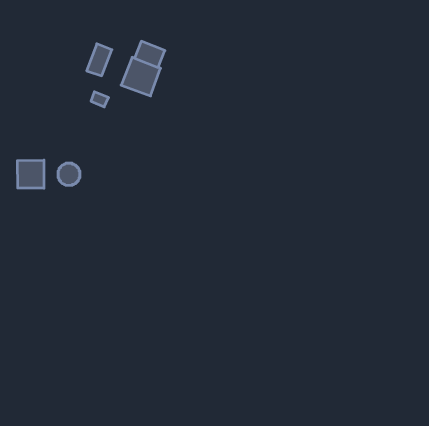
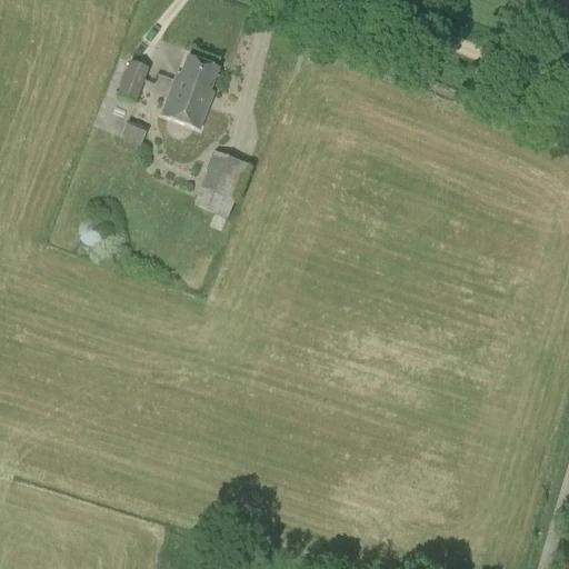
building: none -> [194,149,248,216]
building: [17,160,44,188] -> none

